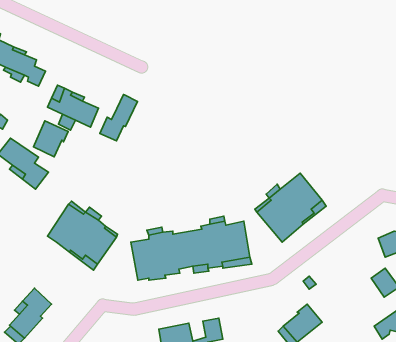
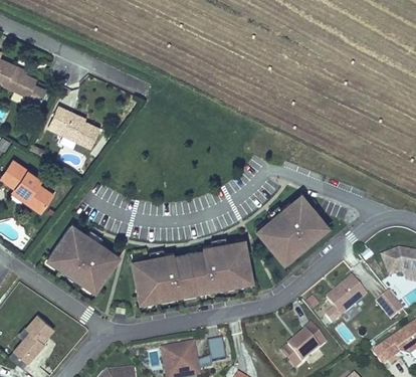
building: [100,95,137,141] -> none
building: [33,121,68,157] -> none
building: none -> [325,278,366,318]

